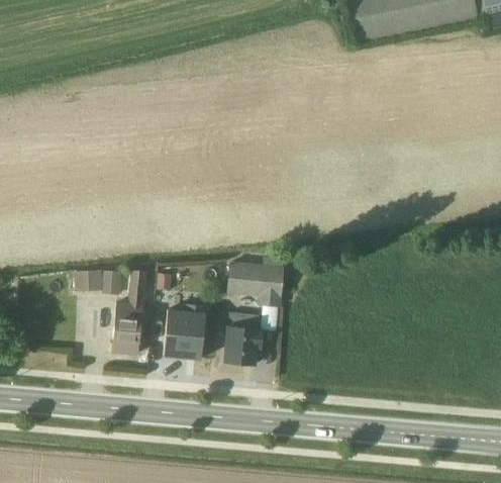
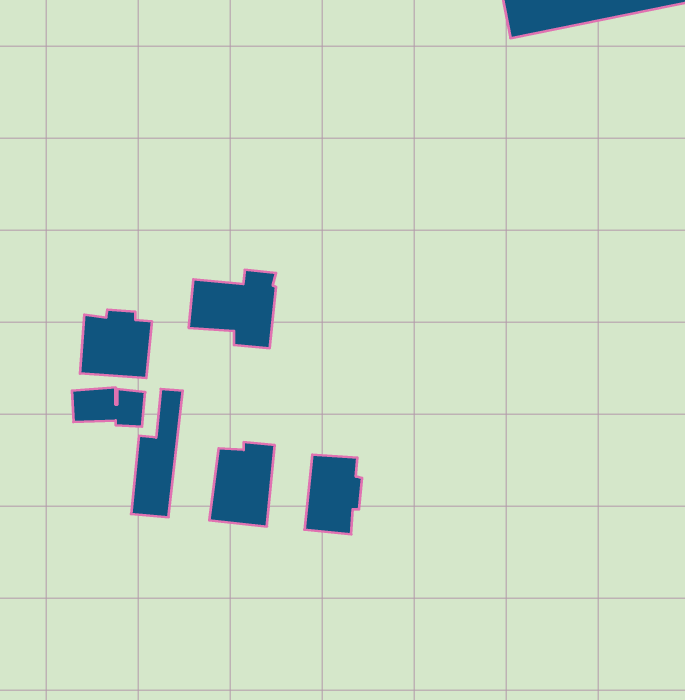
building: none -> [80,310,152,378]
building: [228,256,285,306] -> [189,270,276,348]

